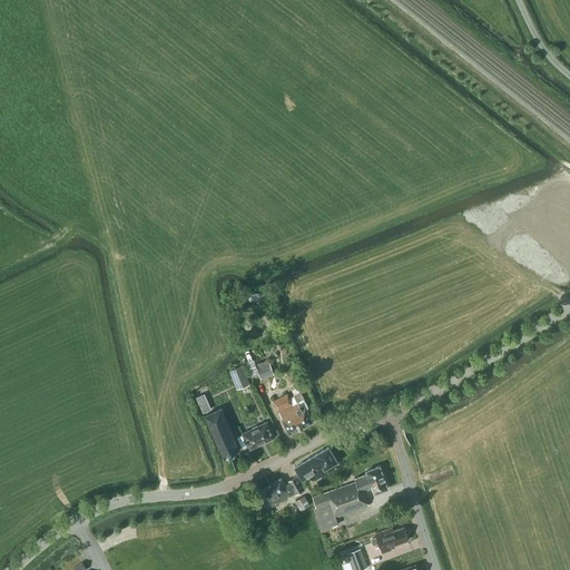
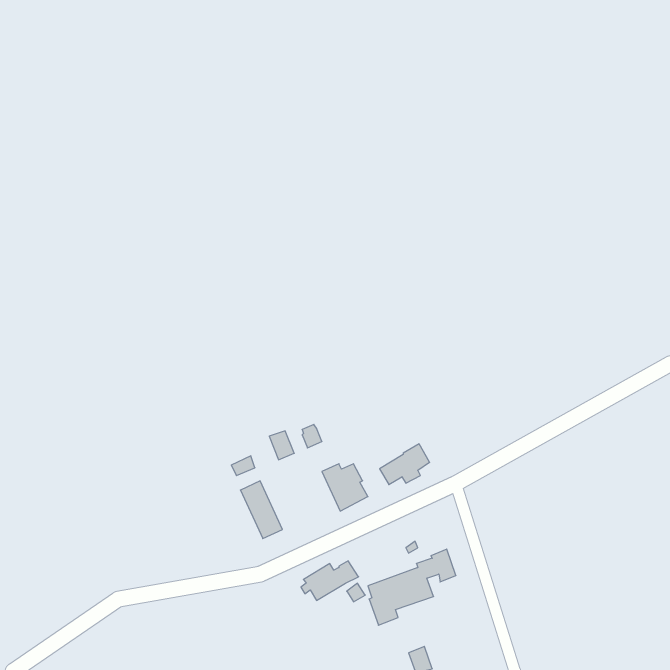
building: [242,422,273,450] -> none
building: [294,446,336,481] -> [380,444,430,485]
building: [371,528,406,553] -> none

